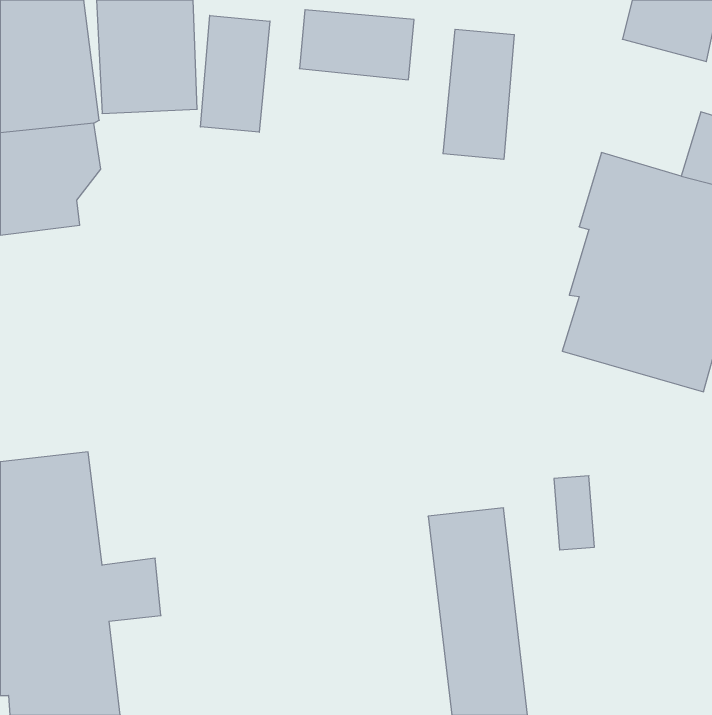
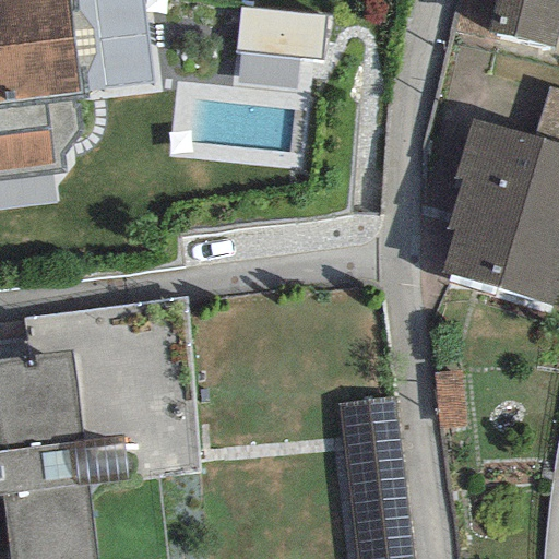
building: [200,15,270,132] -> none
building: [443,29,514,159] -> none

